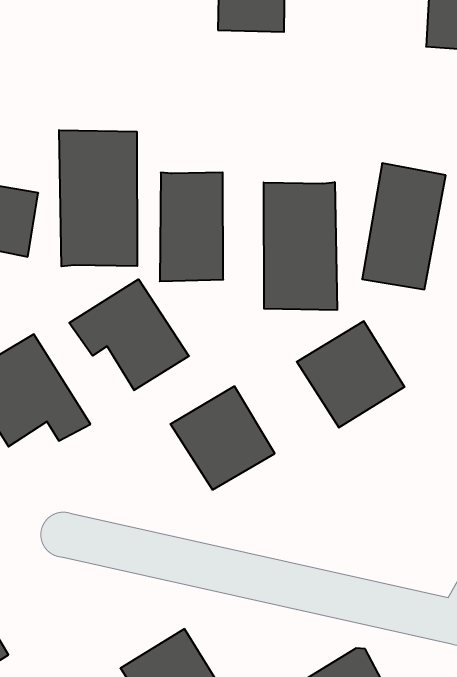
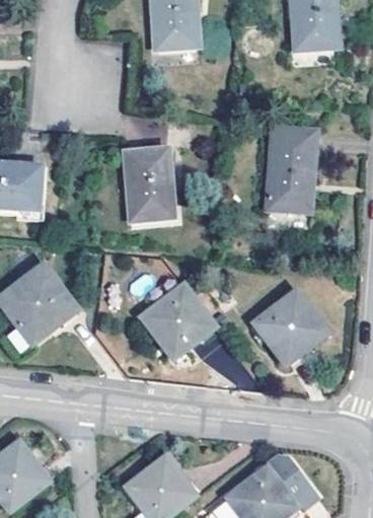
building: [59,130,137,266] -> none
building: [264,182,337,310] -> none
building: [69,279,189,390] -> none
building: [297,321,405,428] -> [257,292,331,365]

